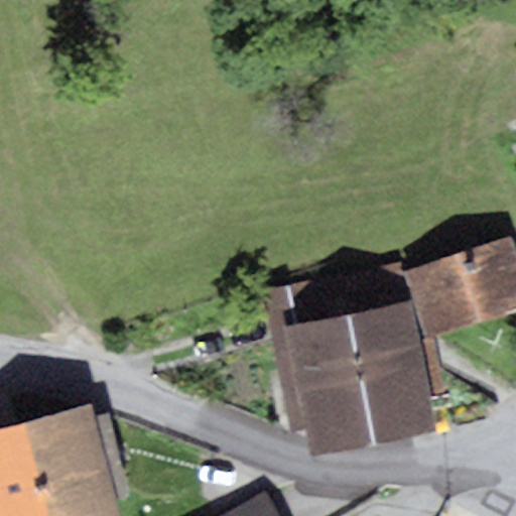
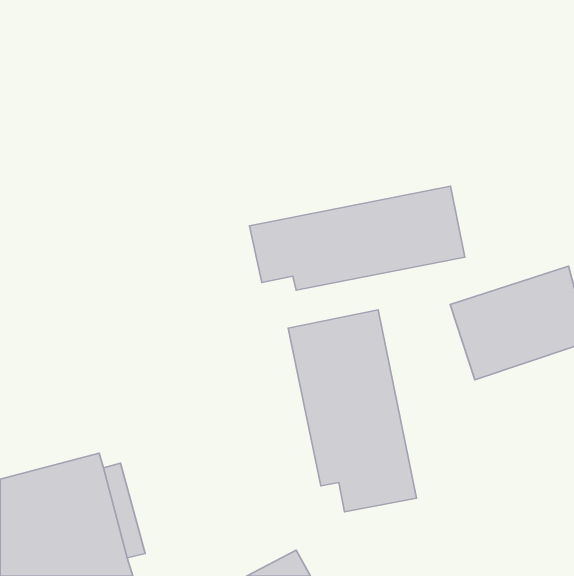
building: none -> [249,186,465,290]
building: [340,265,434,445] -> none

